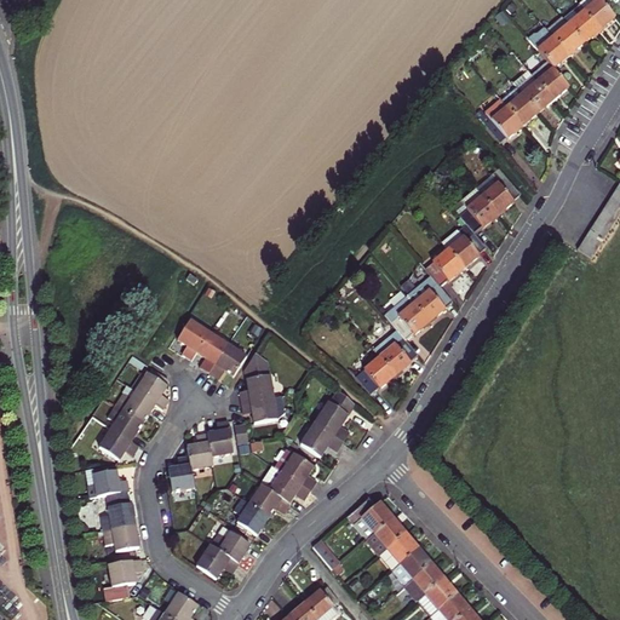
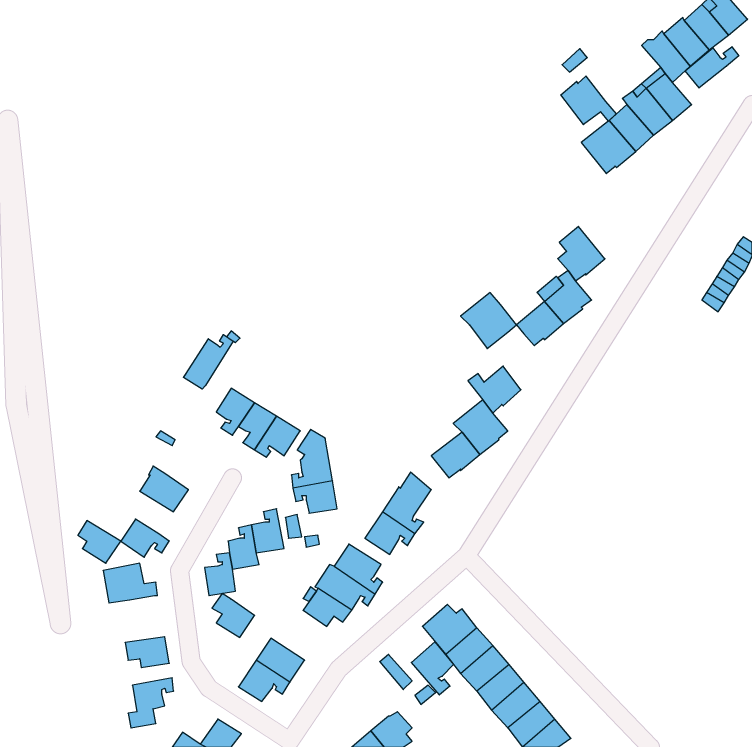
building: none -> [685,47,739,88]
building: none -> [561,76,616,125]
building: [476,167,521,213] -> none
building: [407,275,453,321] -> [461,293,517,349]
building: none -> [183,335,233,389]
building: [136,372,170,408] -> none
building: [108,404,143,440] -> [78,521,121,563]
building: [101,490,136,529] -> none
building: [234,498,269,534] -> [212,593,255,637]
building: none -> [411,642,454,695]

